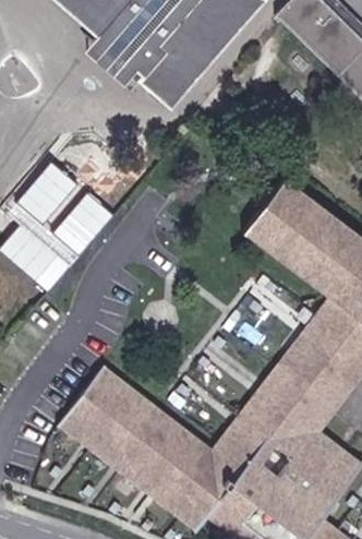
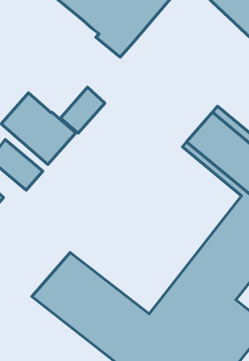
building: none -> [60,87,105,133]

